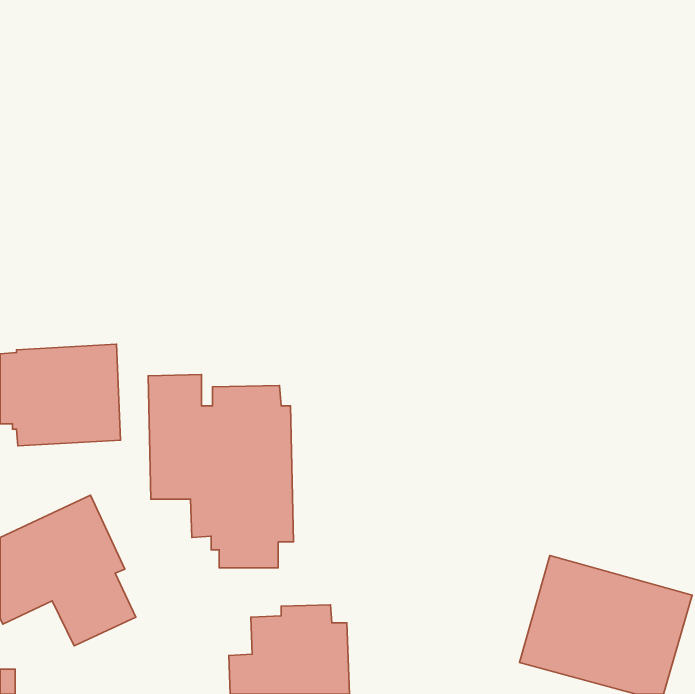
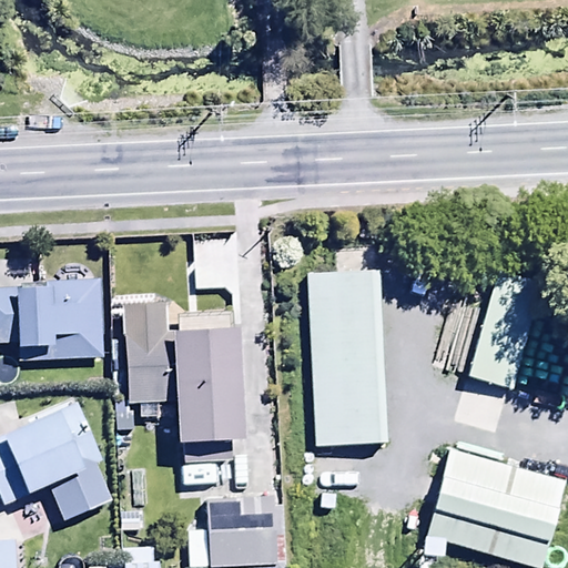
building: none -> [307,270,387,447]
building: none -> [468,273,541,389]

